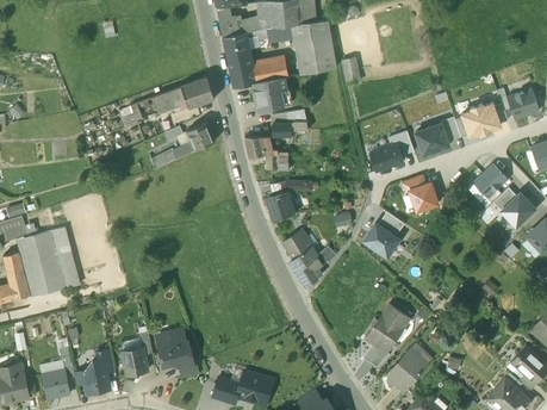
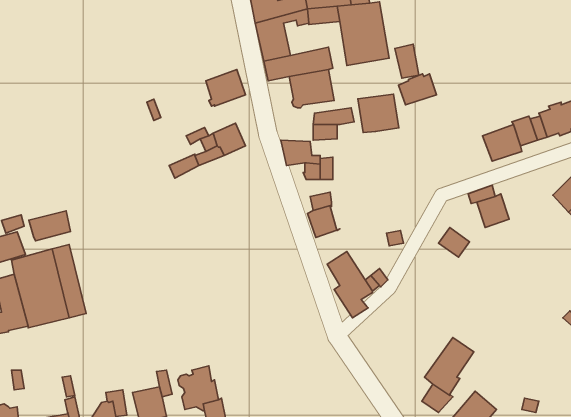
building: [151,86,186,112] -> none
building: none -> [358,94,399,133]
building: [371,144,403,170] -> [399,74,437,105]
building: none -> [29,211,70,241]
building: [363,223,399,256] -> none

